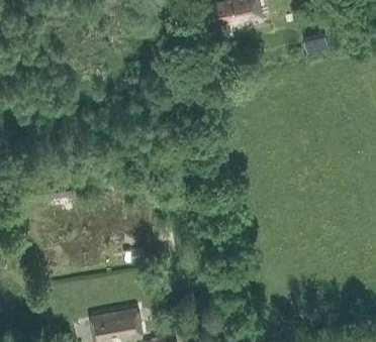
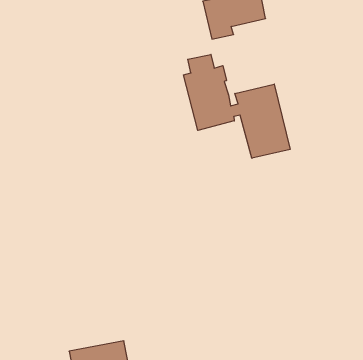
building: none -> [183,54,290,158]

